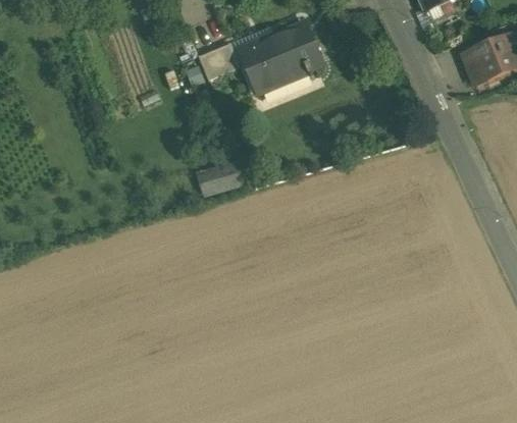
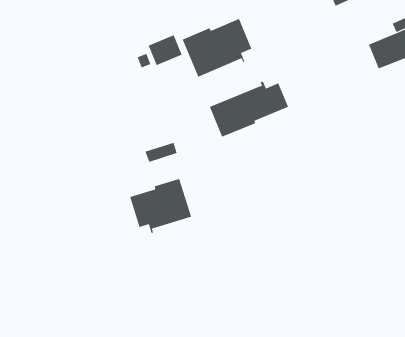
building: none -> [209,81,289,138]
building: none -> [129,178,192,234]

